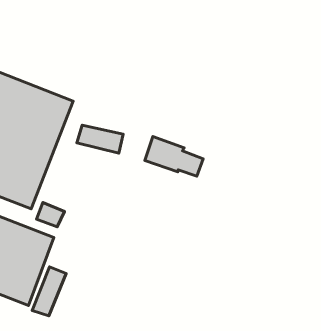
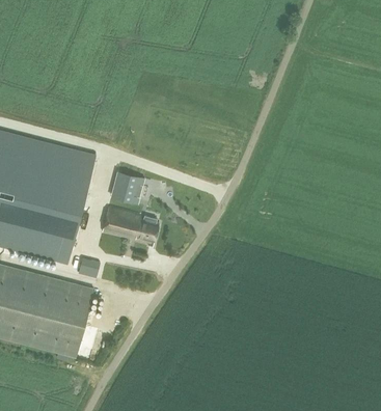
building: [145,137,203,176] -> [103,208,159,241]
building: [32,267,66,316] -> none

